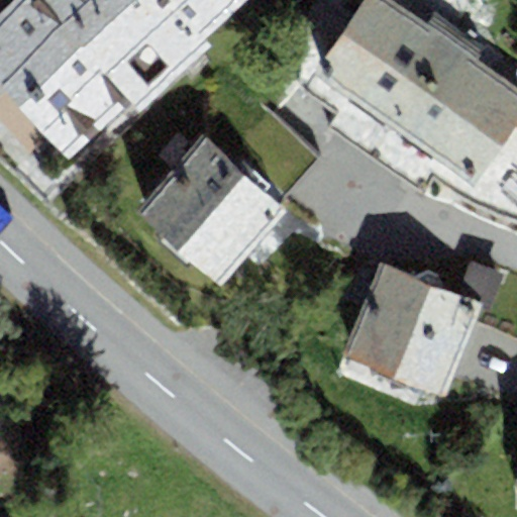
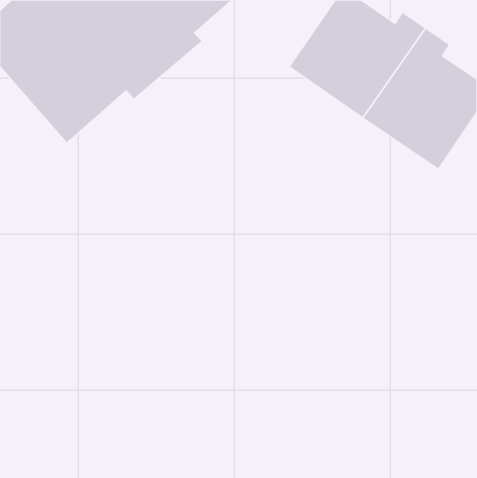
building: [137,138,283,283] -> none
building: [343,266,479,395] -> none

